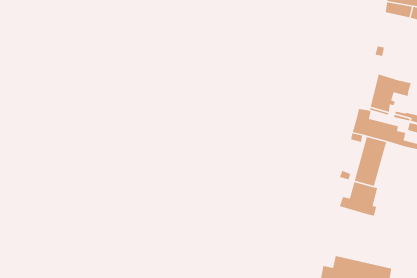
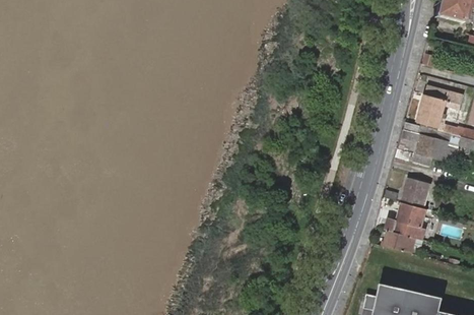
building: none -> [384,230,416,253]

